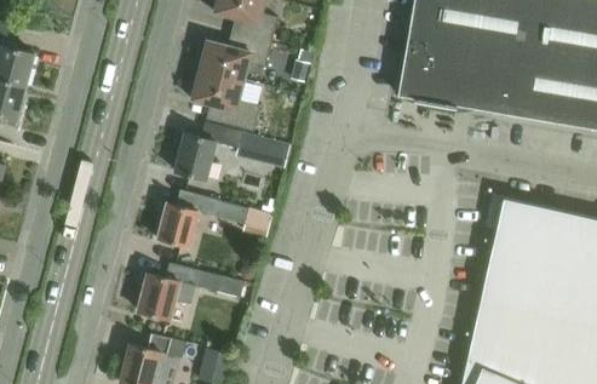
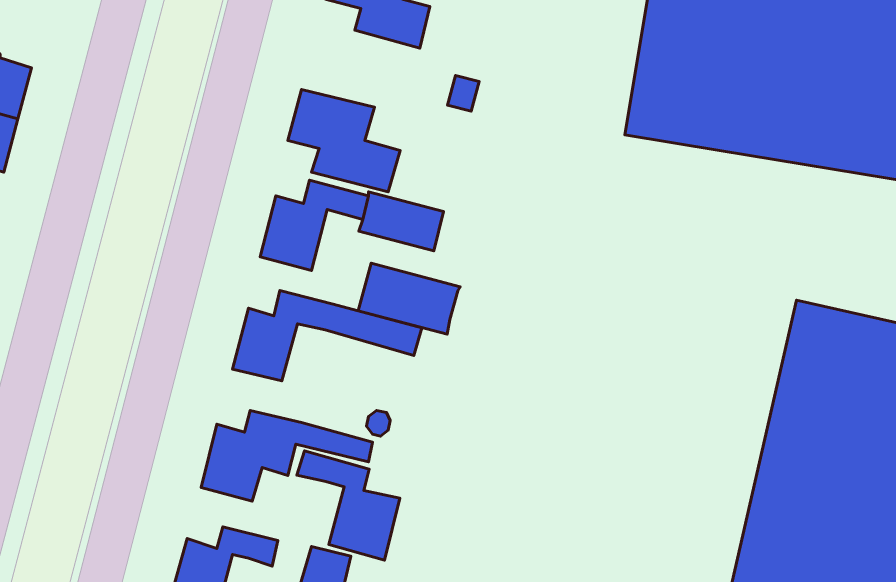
building: [200,31,272,79] -> none
building: none -> [358,263,460,334]
building: none -> [297,451,400,560]

